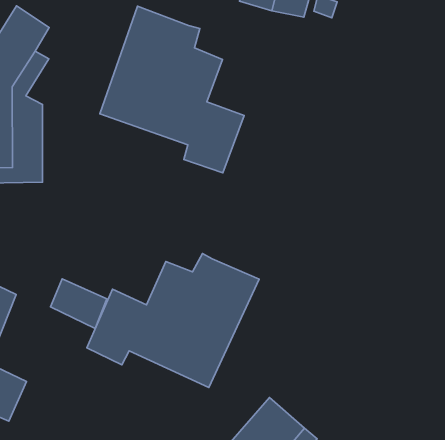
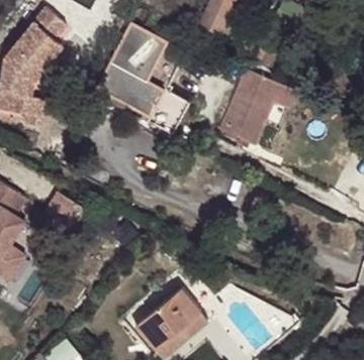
building: none -> [218,70,294,145]
building: [87,253,259,387] -> none

